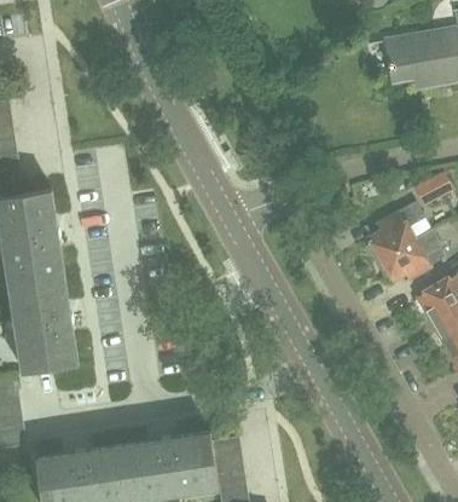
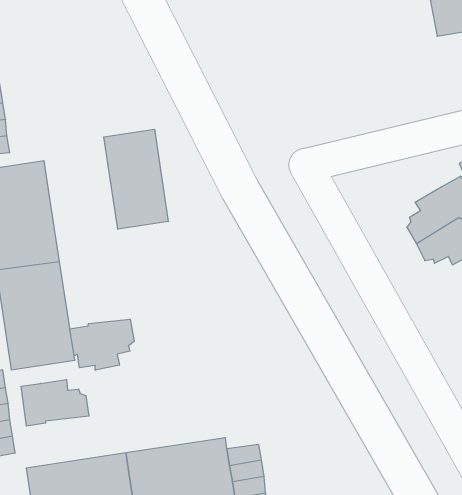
building: none -> [104,129,168,229]
building: none -> [70,319,134,370]
building: none -> [21,380,89,426]

